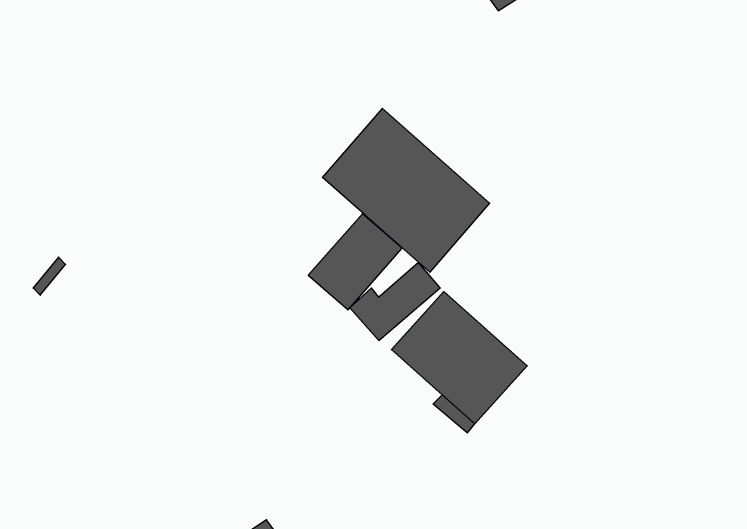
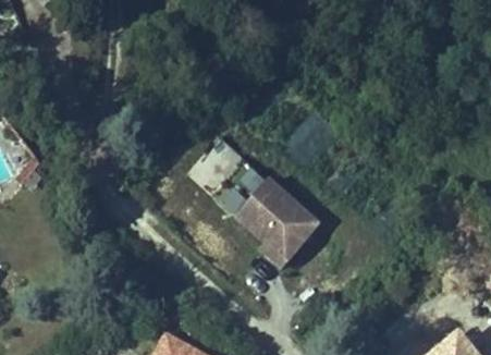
building: [322,108,490,272] -> none

